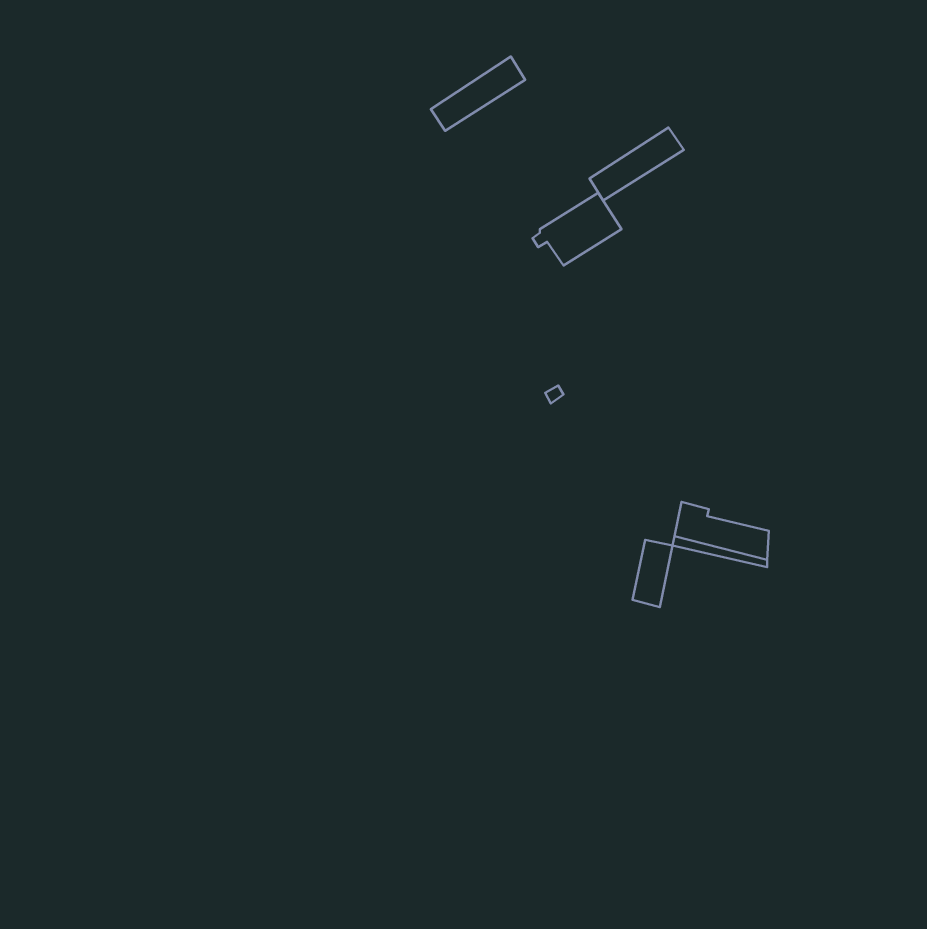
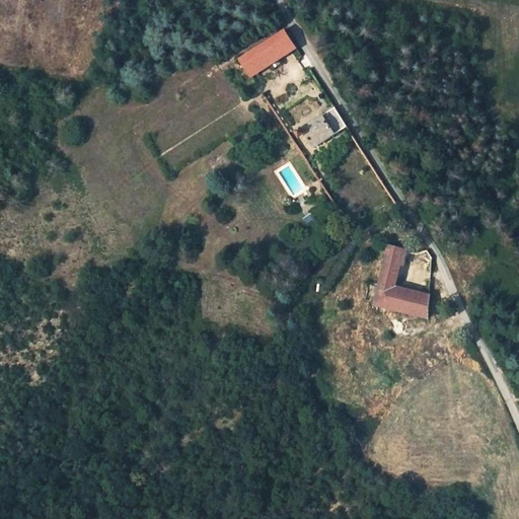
building: [590,127,684,200] -> none
building: [633,540,673,607] -> [380,246,402,284]

